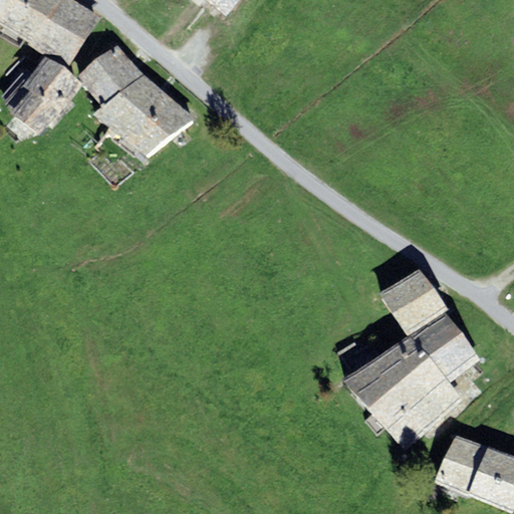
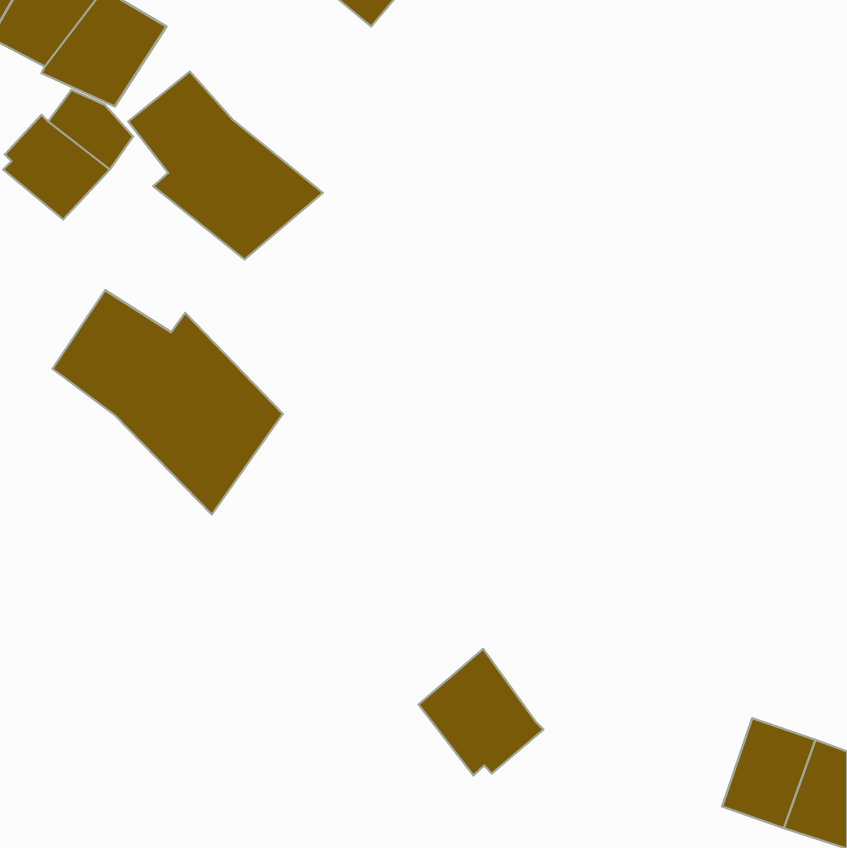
building: none -> [52,290,283,514]
building: [346,268,479,450] -> none
building: none -> [418,649,543,775]

